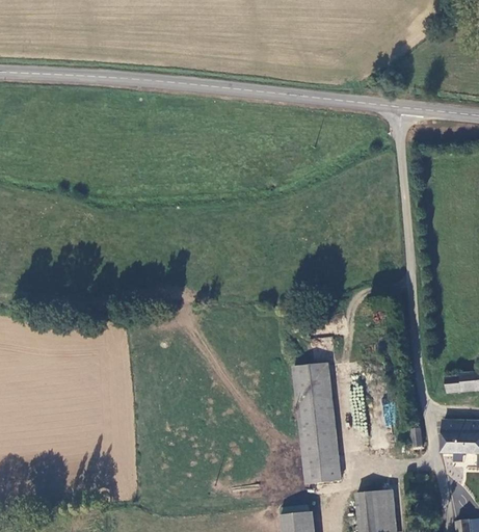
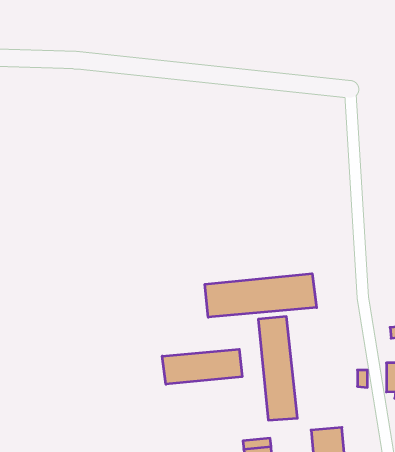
building: none -> [205,274,317,317]
building: none -> [162,349,242,384]

